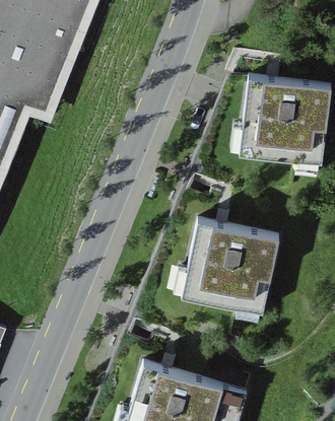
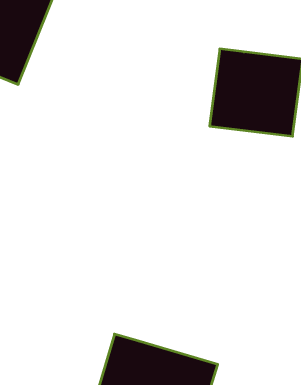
building: [182,218,279,311] -> none

